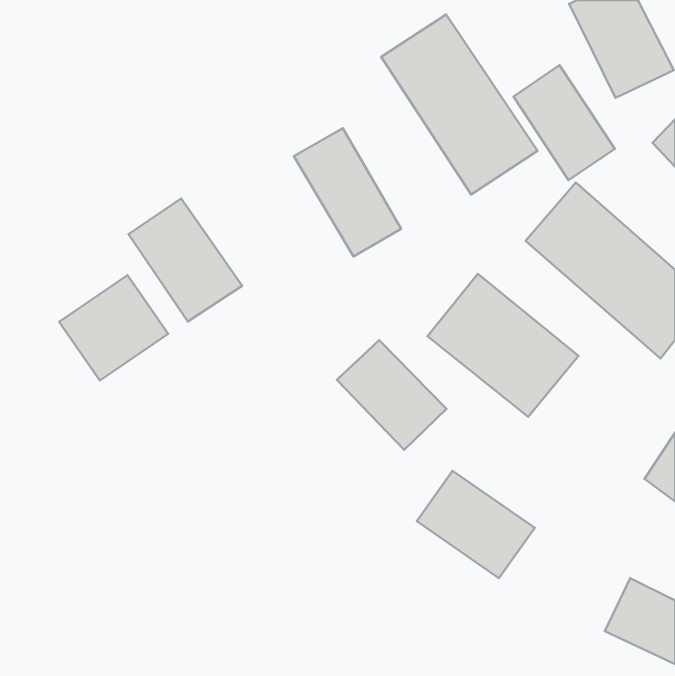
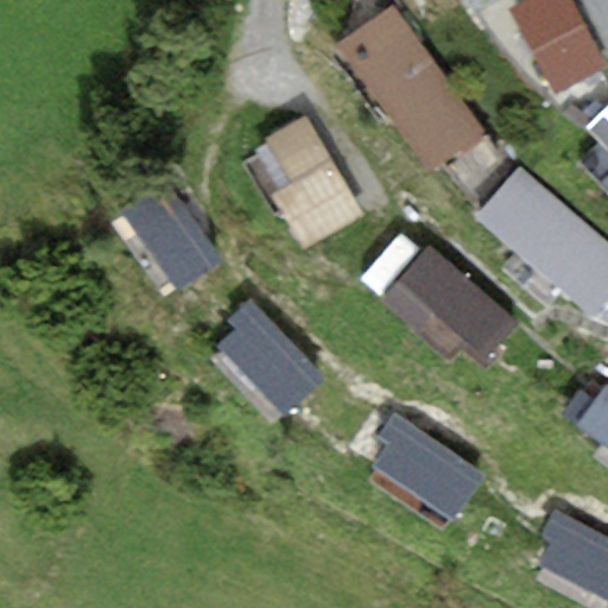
building: [513,65,615,180] -> none
building: [59,275,168,380] -> none
building: [337,340,447,450] -> [223,315,322,413]

